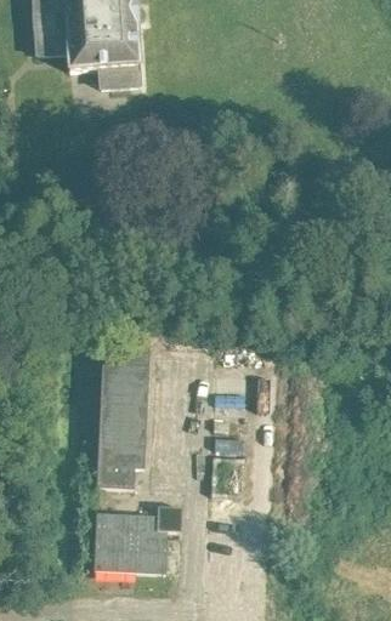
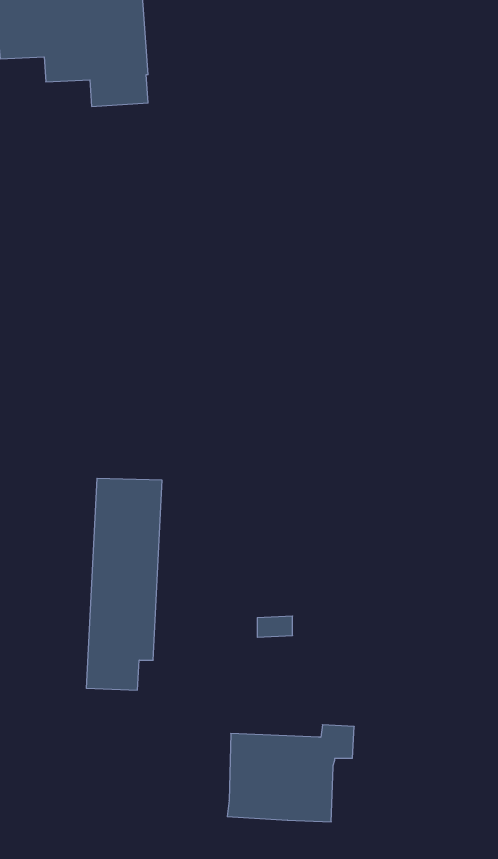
building: [93,508,181,575] -> [227,725,354,822]

